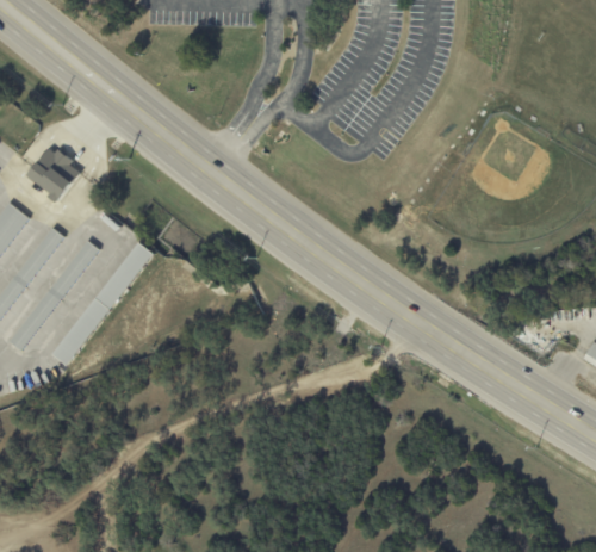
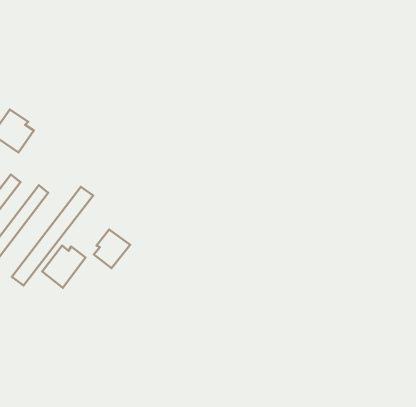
building: none -> [94,230,130,268]
building: none -> [42,245,85,288]

